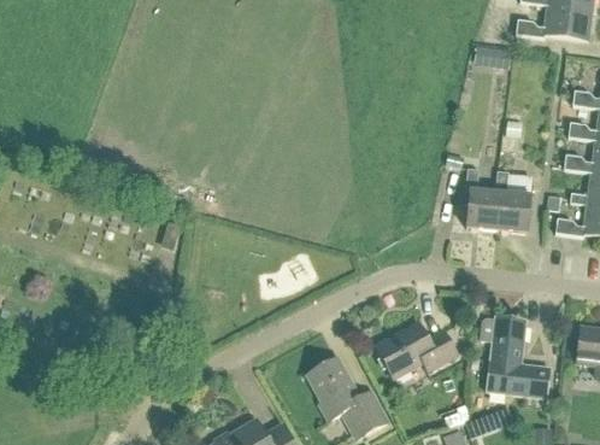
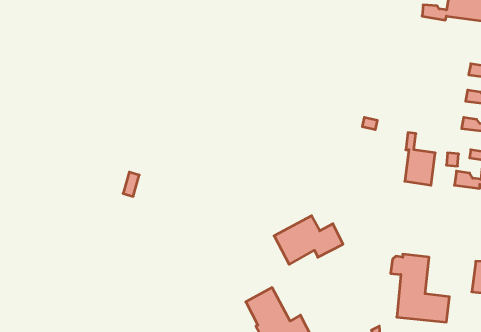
building: [466,169,501,230] -> none
building: [375,321,457,379] -> [274,216,343,264]

